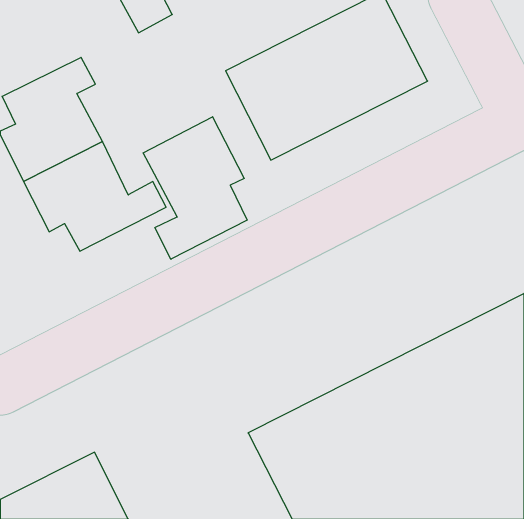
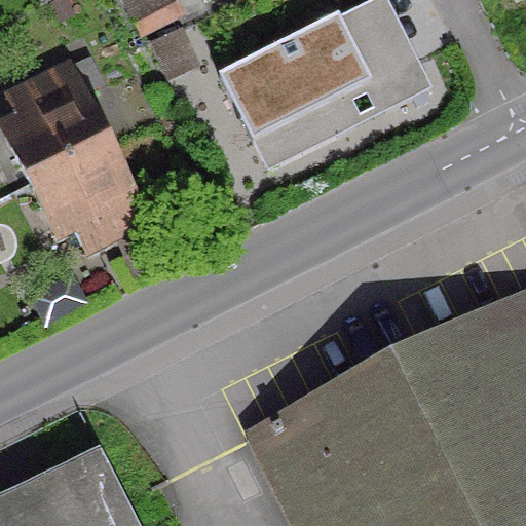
building: [143,117,247,259] -> none

